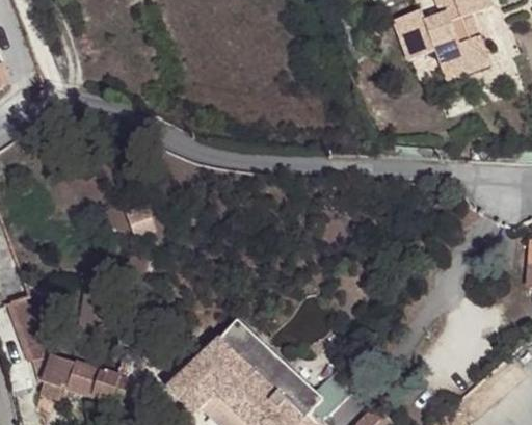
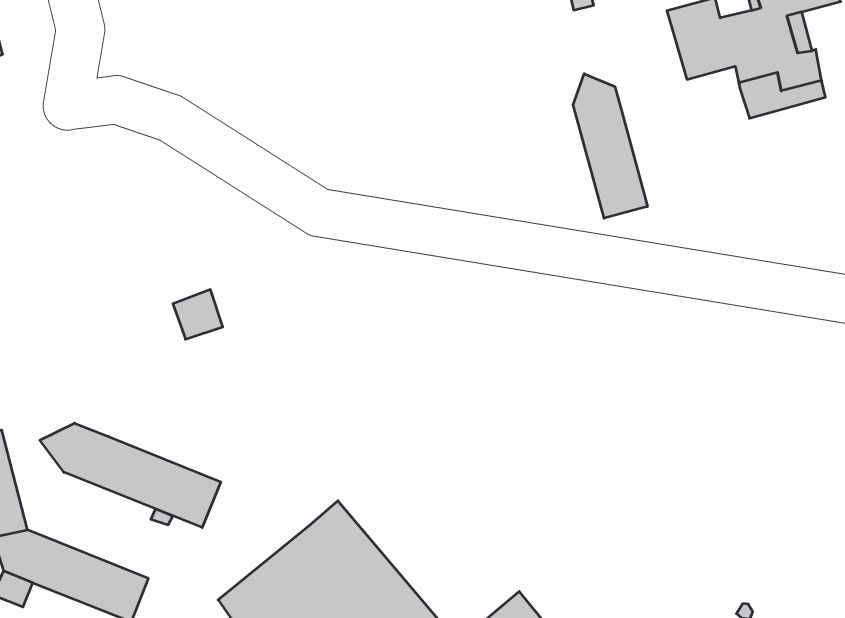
building: none -> [573,74,647,218]
building: none -> [40,423,221,528]

